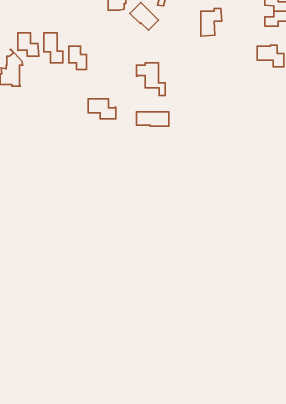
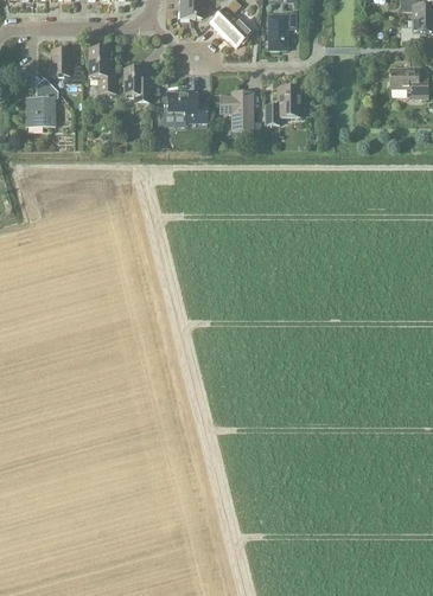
building: [201,9,222,36] -> [268,9,298,49]
building: none -> [265,86,300,122]
building: [88,99,116,119] -> [168,91,208,120]
building: [136,112,169,126] -> none

